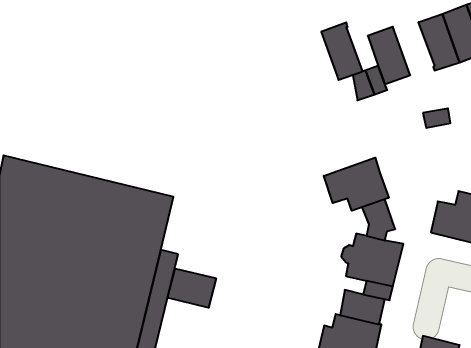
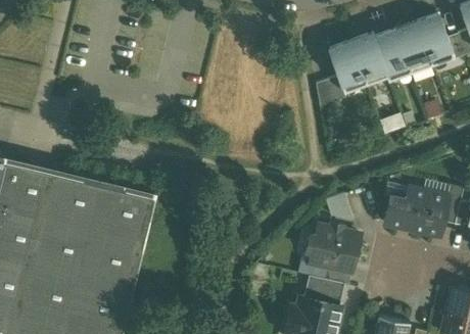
building: [321,22,363,80] -> [350,32,387,83]
building: [324,158,389,211] -> none
building: [168,268,216,308] -> none

